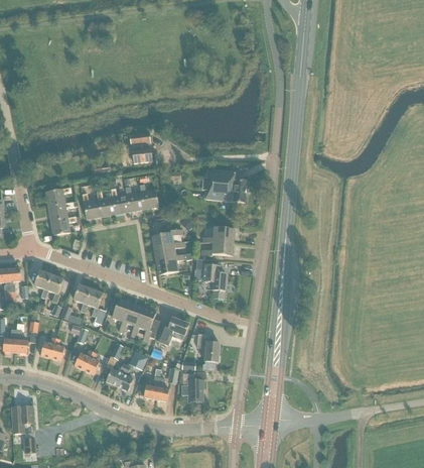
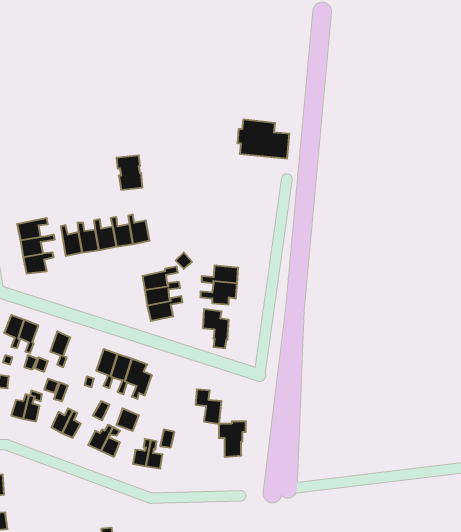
building: [202,169,247,203] -> [237,120,289,159]
building: [85,289,106,325] -> none
building: [157,319,188,345] -> none
building: [183,372,206,402] -> [219,421,246,457]

